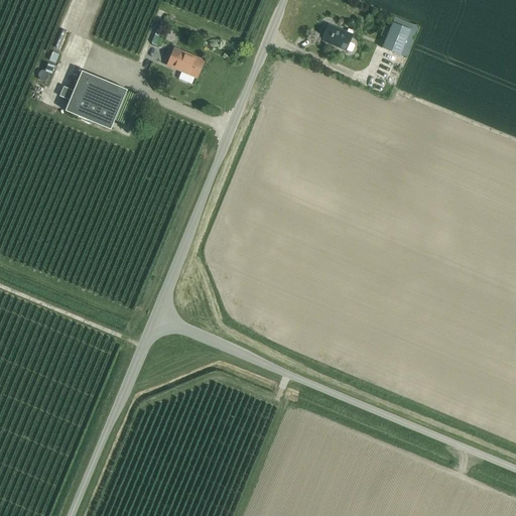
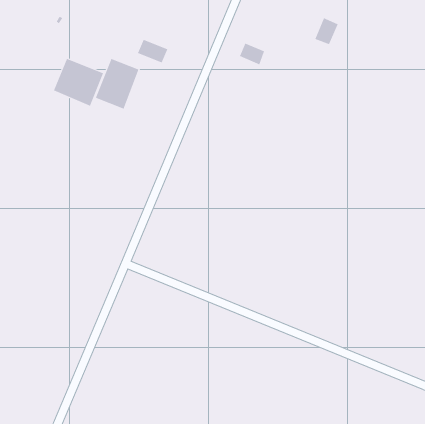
building: [320,23,352,50] -> [239,43,265,65]
building: none -> [95,58,139,109]

